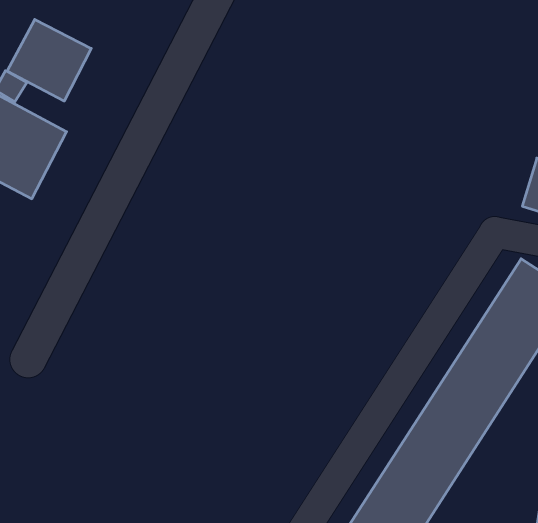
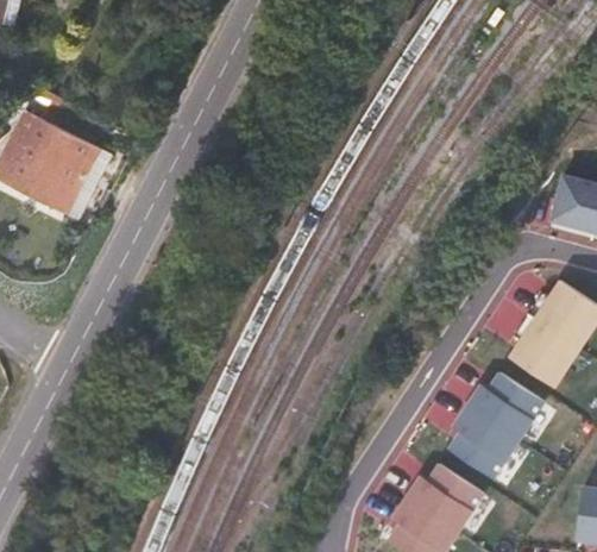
building: [7,19,91,101] -> none

